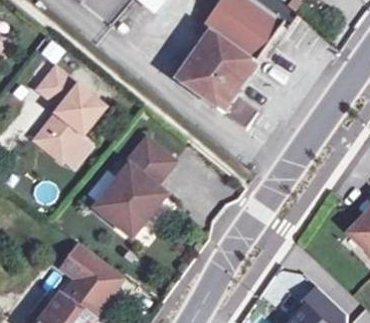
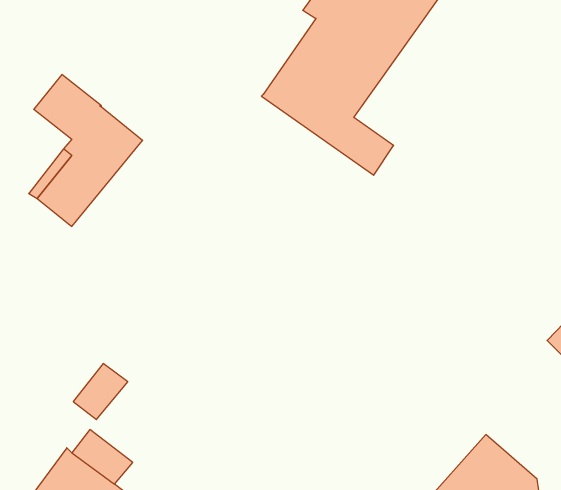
building: [95,139,173,236] -> none
building: [71,255,121,304] -> none

